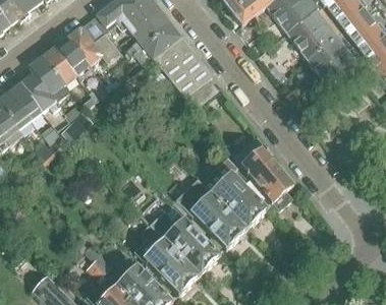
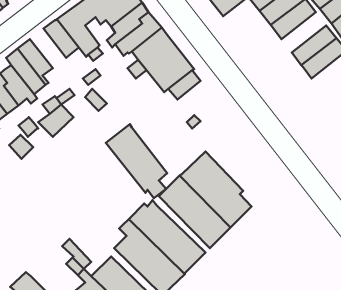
building: [298,20,342,60] -> none
building: [52,37,94,77] -> none
building: [233,138,293,210] -> [106,124,167,198]

